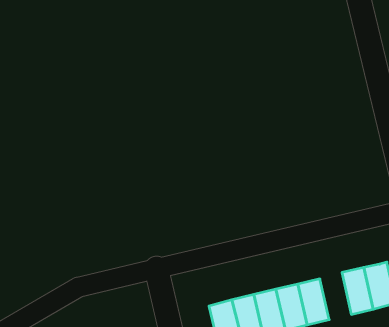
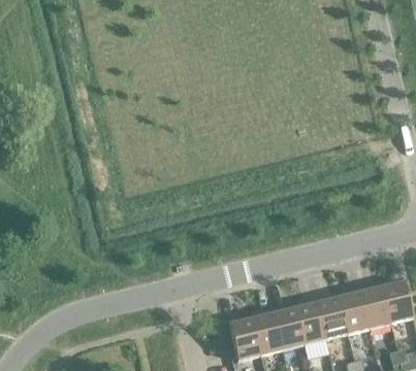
building: none -> [339,289,370,335]

